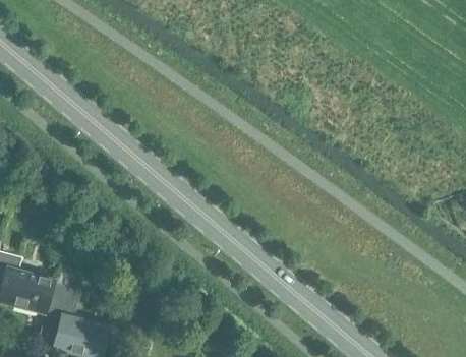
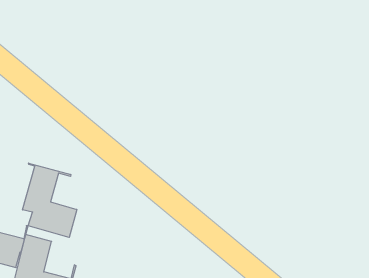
building: none -> [23,163,77,237]

